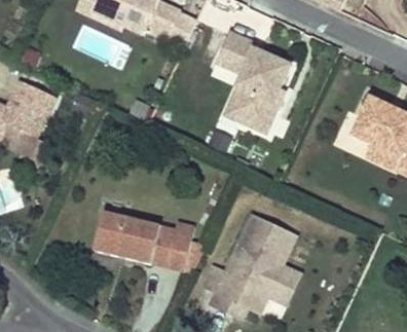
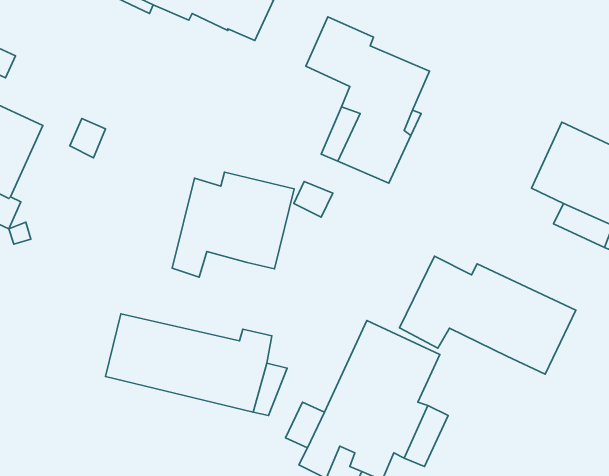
building: none -> [172,172,294,277]
building: none -> [399,256,576,374]

